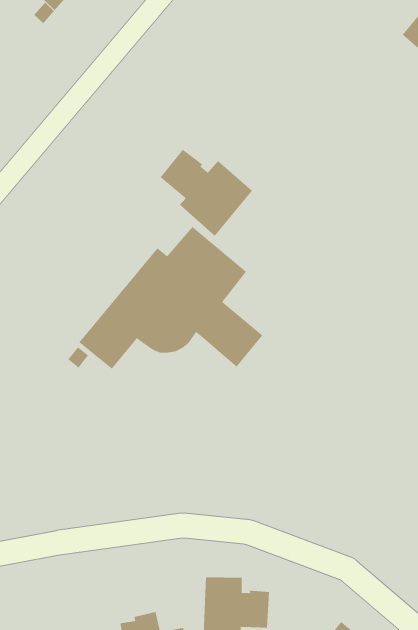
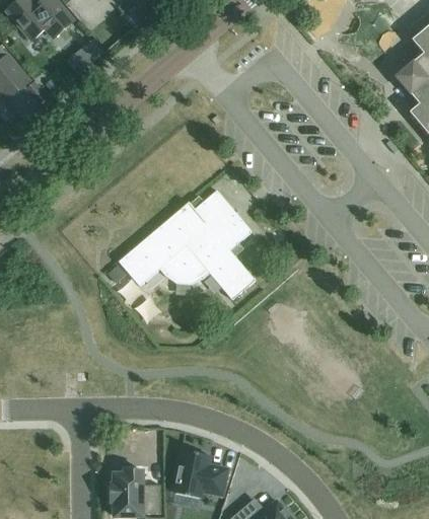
building: [160,149,253,236] -> none

